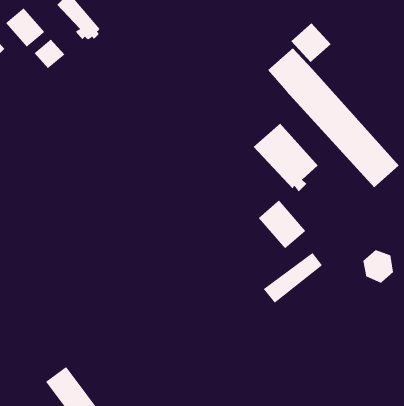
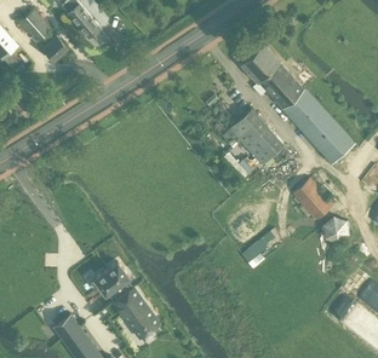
building: [291,23,332,63] -> none
building: [258,200,306,249] -> [293,179,334,221]
building: none -> [94,262,162,340]

